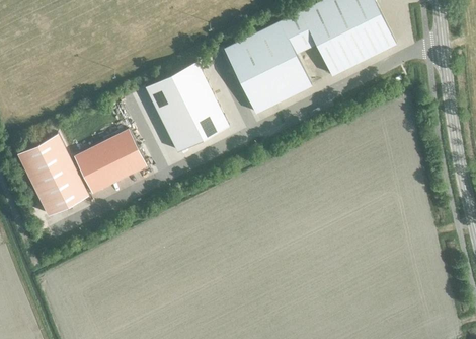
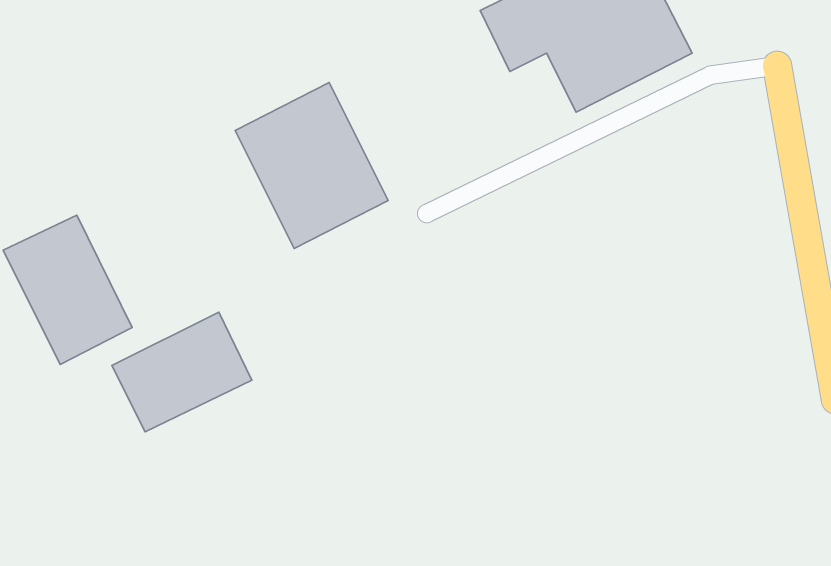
building: [224,20,312,114] -> none
building: [72,128,149,194] -> [112,312,252,432]

